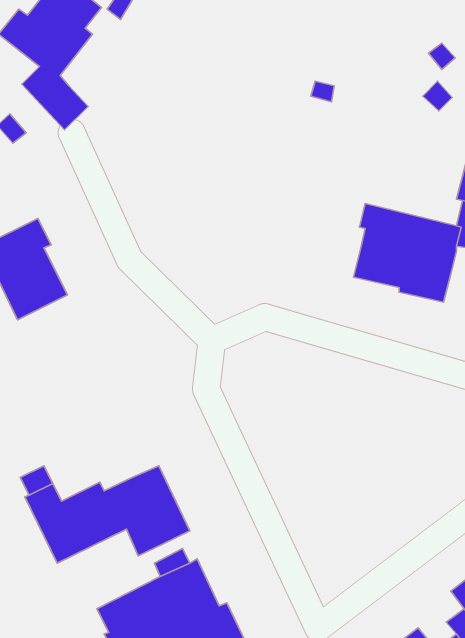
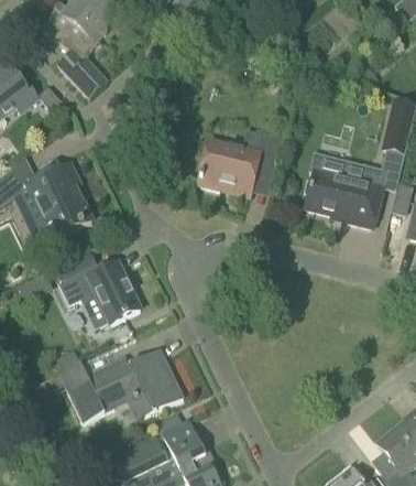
building: none -> [197,129,286,196]
building: none -> [55,251,140,325]

